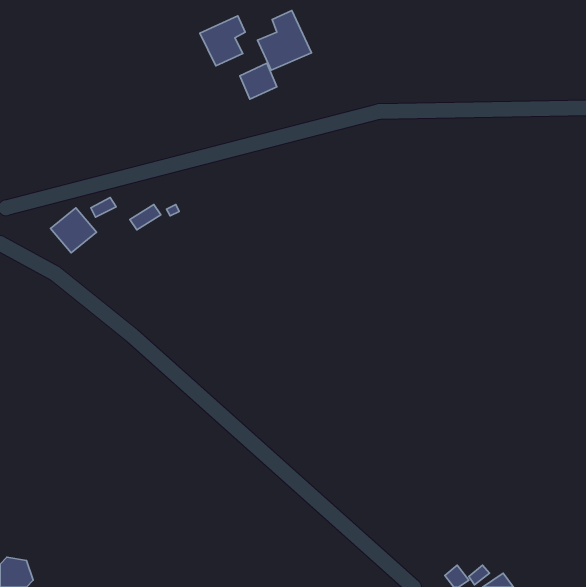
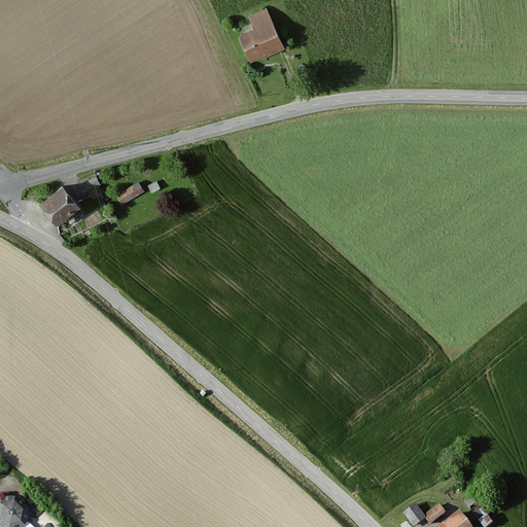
building: [200,16,245,66] -> none
building: [240,63,277,99] -> none

